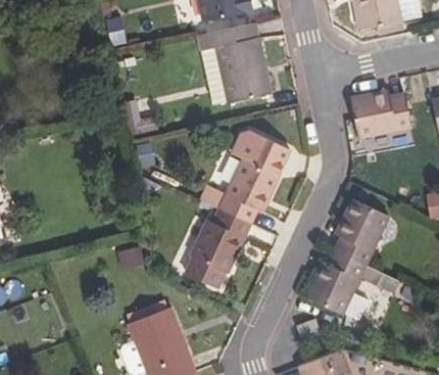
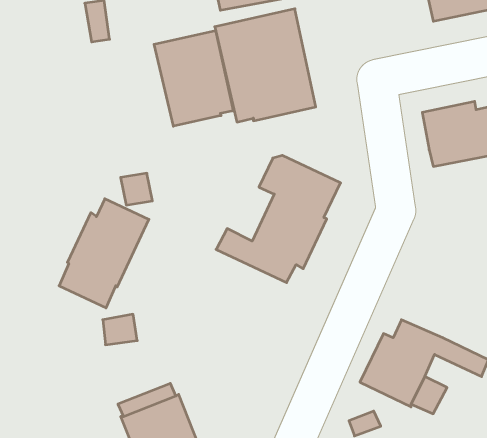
building: none -> [154,31,233,126]
building: [336,198,389,265] -> none
building: [185,208,251,289] -> [59,199,149,308]

